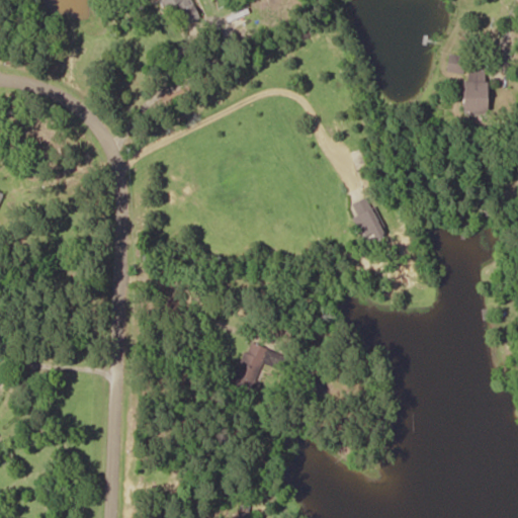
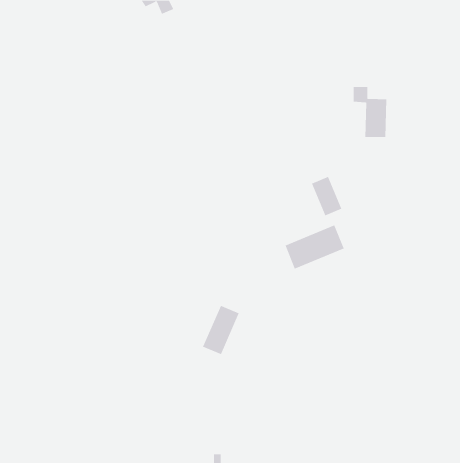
building: [449,56,488,112] -> [353,87,387,137]
building: none -> [285,225,345,270]

